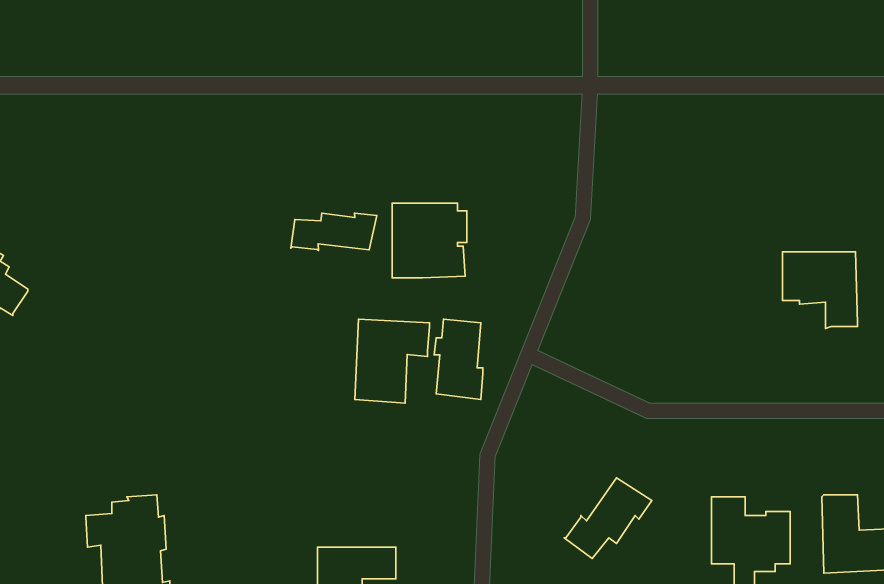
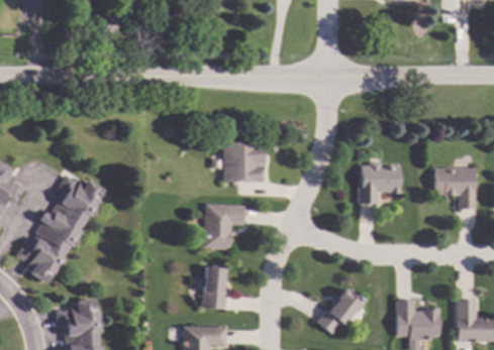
building: [291,213,377,250] -> none
building: none -> [358,160,400,203]
building: none -> [18,174,105,282]
building: [434,319,483,400] -> [200,265,226,309]

